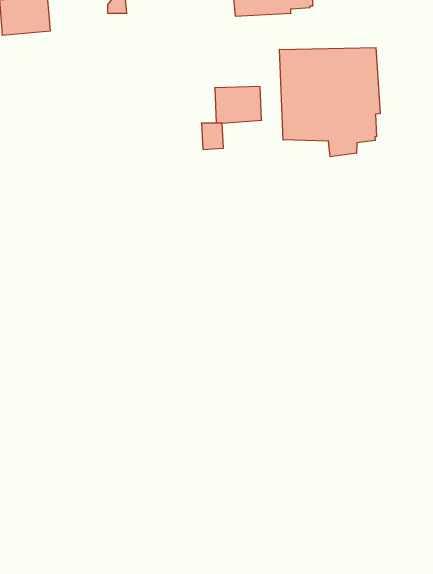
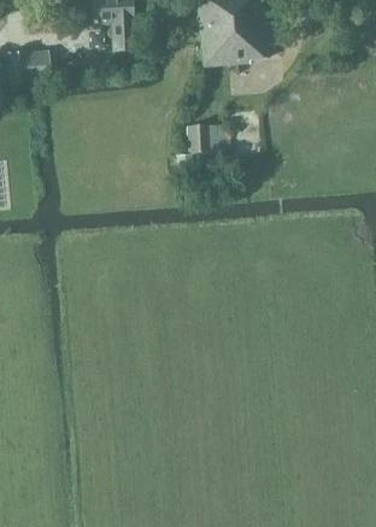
building: [279,48,380,157] -> none

